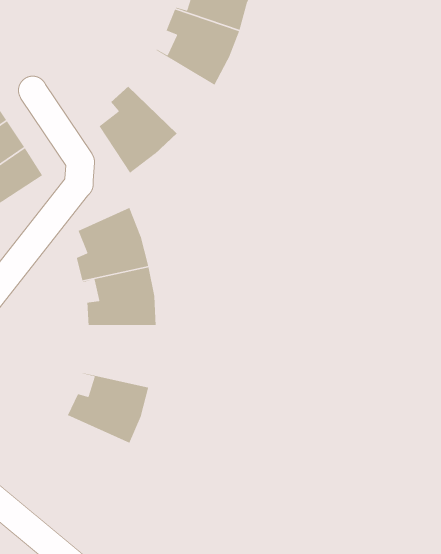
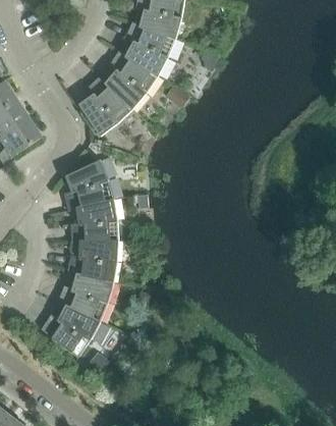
building: none -> [99,52,158,109]
building: none -> [67,241,118,282]
building: none -> [41,302,100,358]

